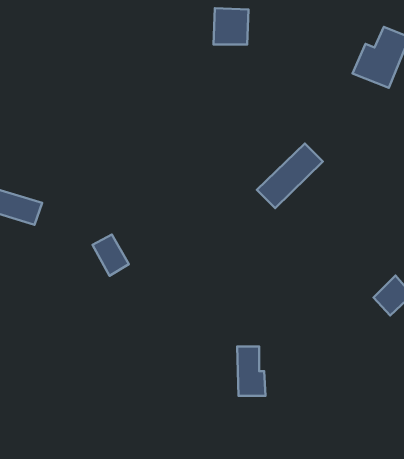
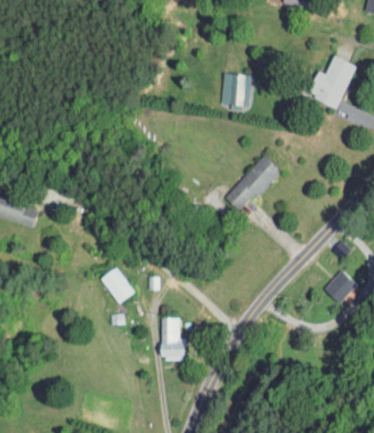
building: [213,8,248,44] -> [223,73,253,105]
building: [93,234,129,276] -> [102,267,134,303]
building: [237,347,266,396] -> [160,317,185,360]

